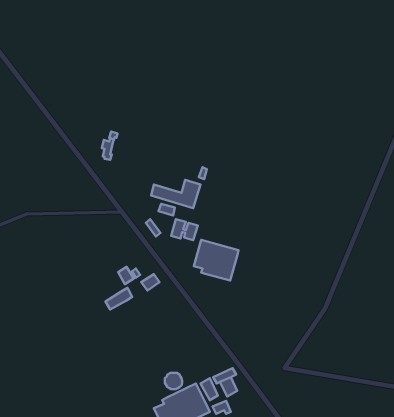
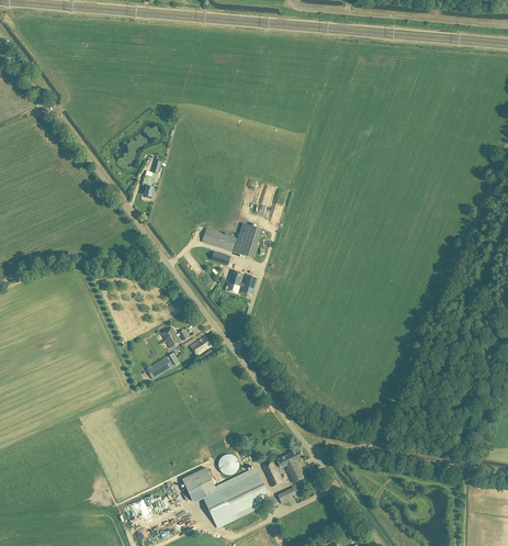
building: [194,240,239,281] -> none
building: none -> [181,467,216,502]

